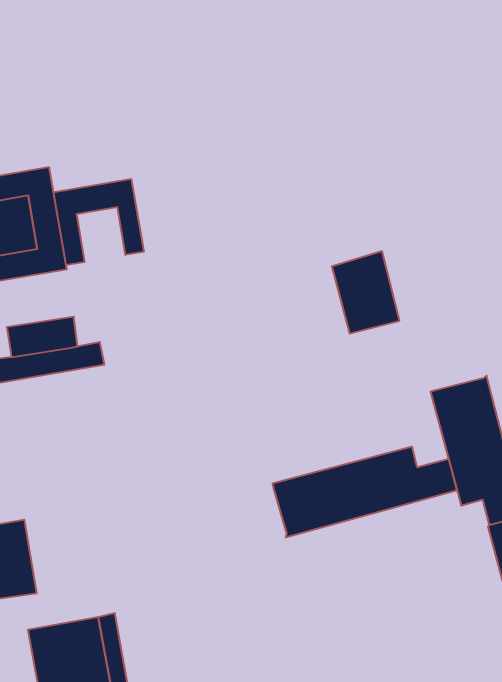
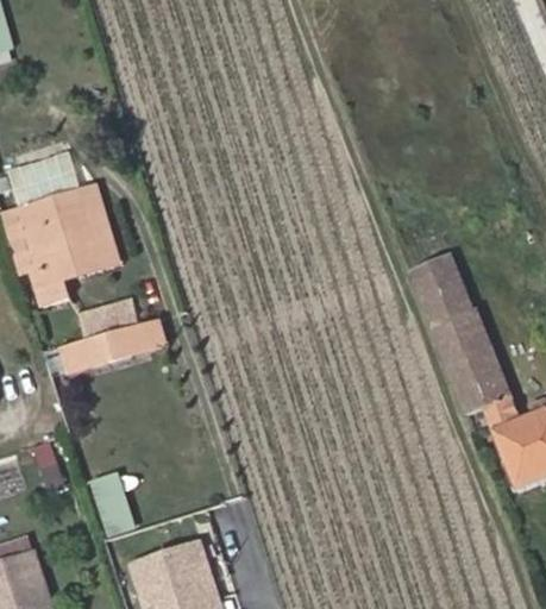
building: [54,179,144,265] -> none
building: [332,251,399,333] -> [412,255,472,325]
building: [273,447,457,537] -> none

